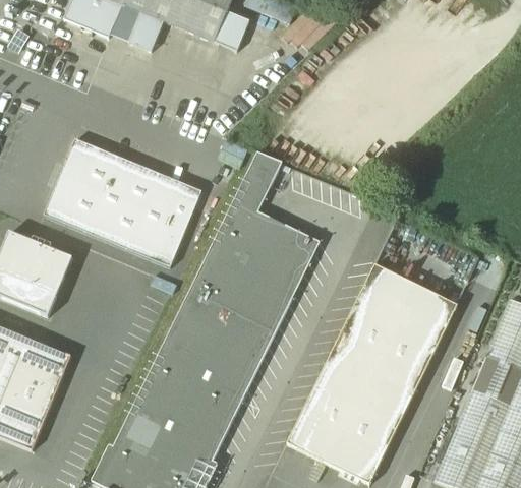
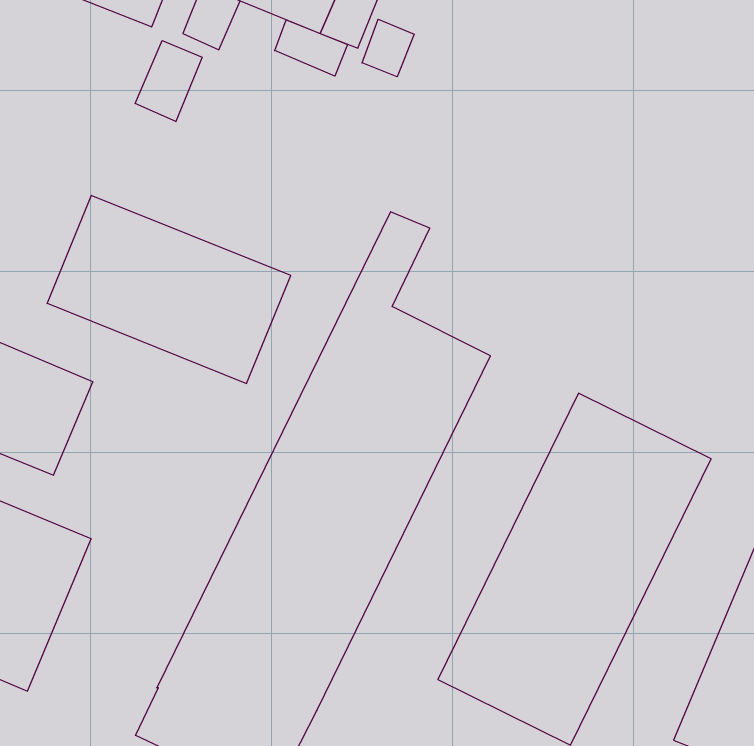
building: none -> [362,19,414,77]
building: none -> [275,20,348,76]
building: none -> [135,41,202,122]

